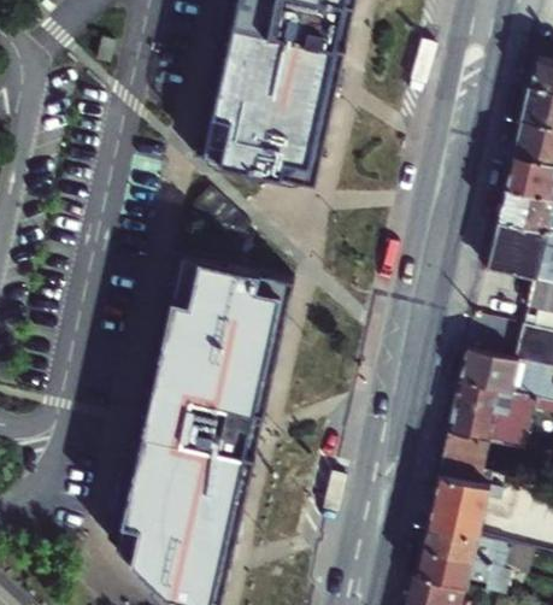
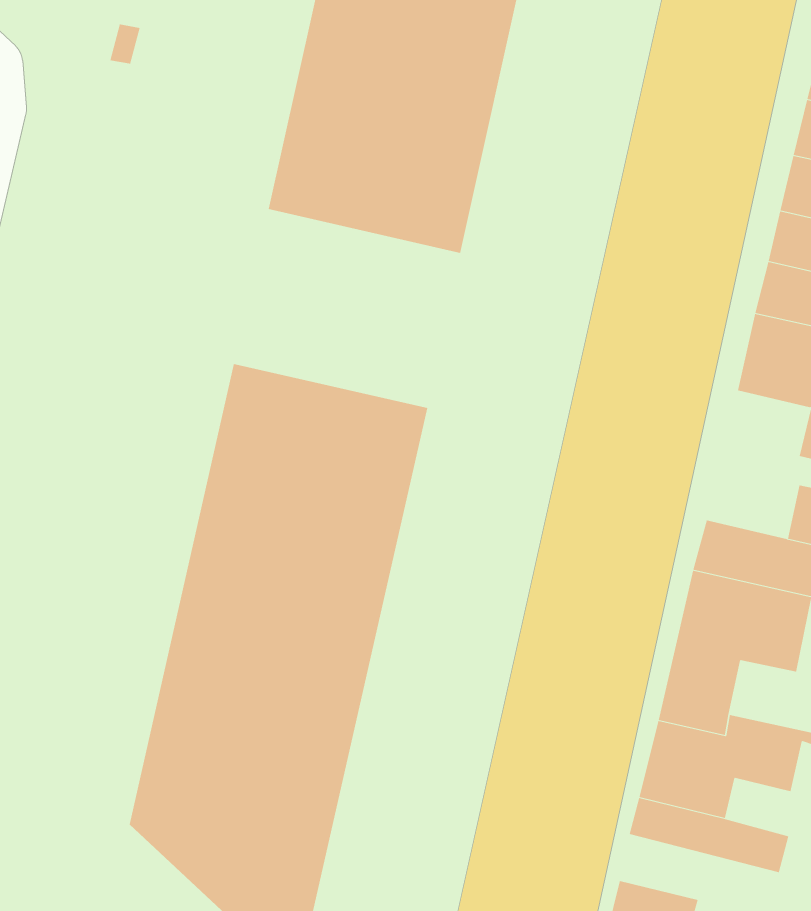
building: [414,546,514,588] -> none

